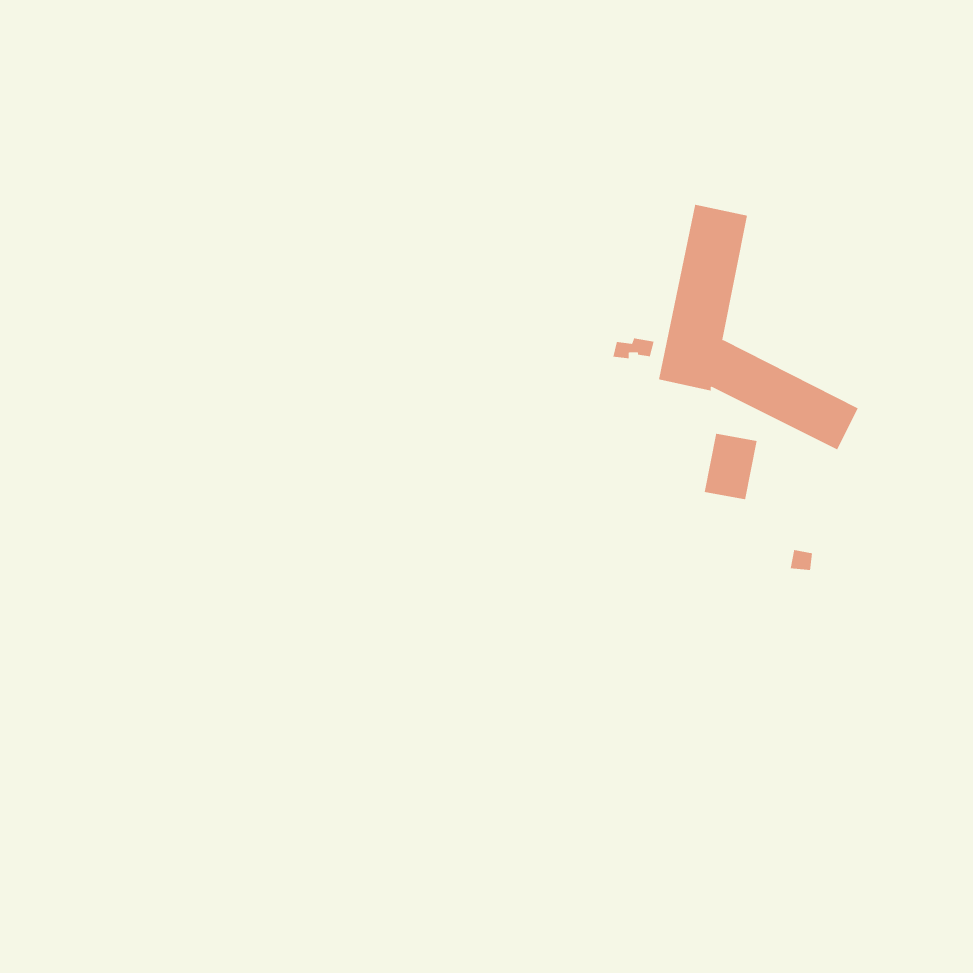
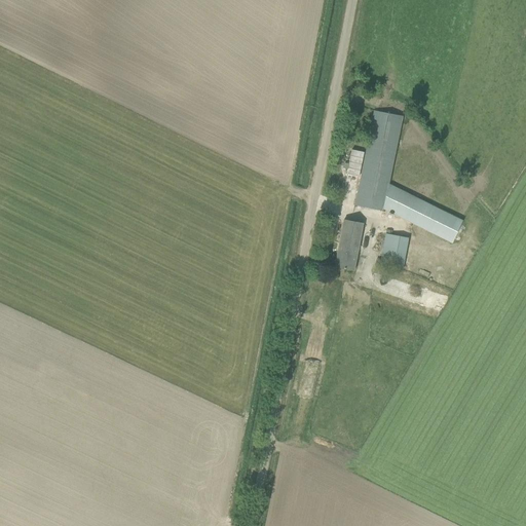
building: none -> [336,219,363,269]

